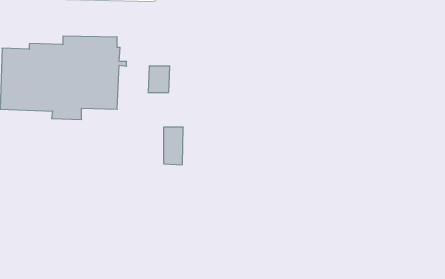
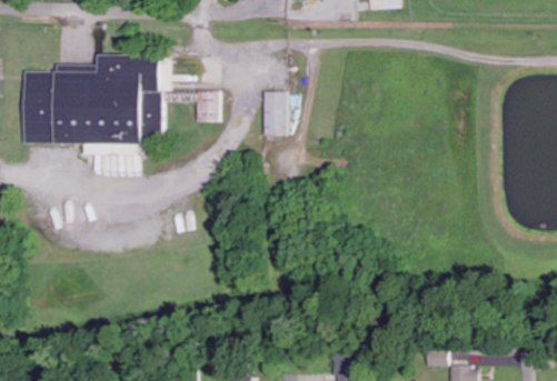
building: [164,127,183,165] -> [262,91,286,136]

